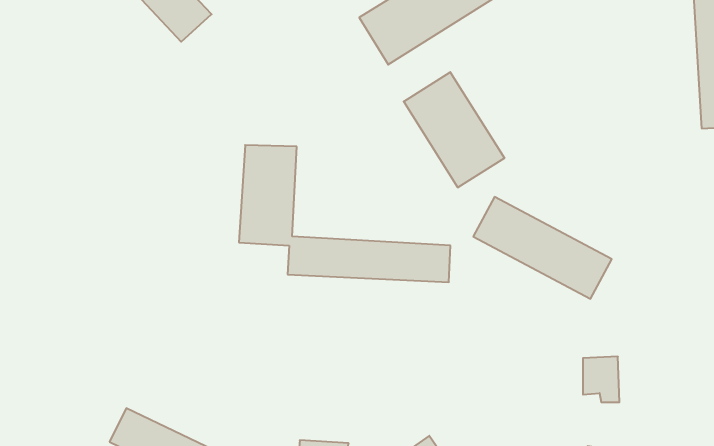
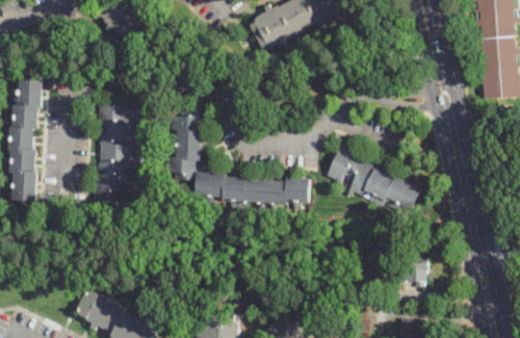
building: [404,72,504,188] -> none
building: none -> [11,78,44,199]
building: none -> [94,105,134,207]

